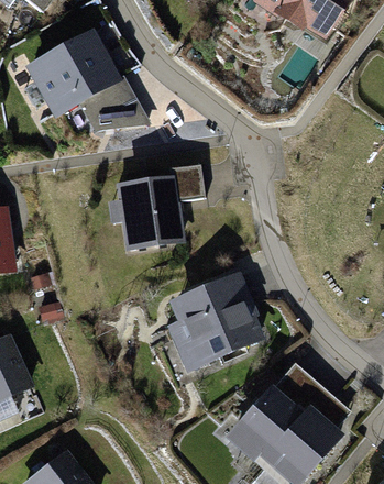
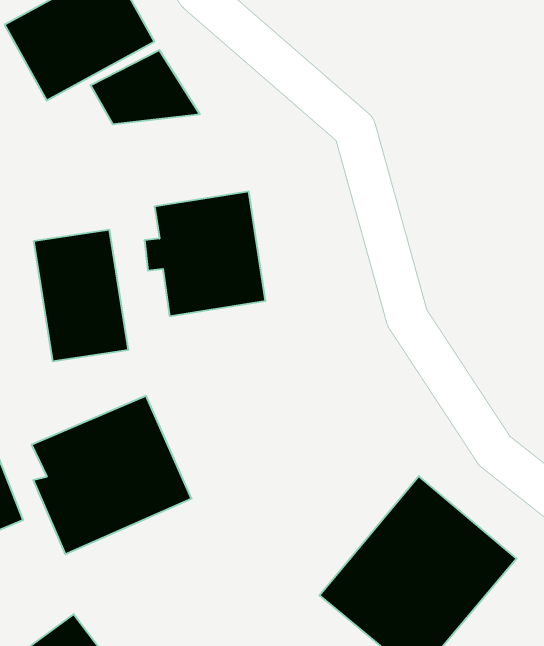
building: none -> [34,230,128,361]
building: [163,270,267,373] -> [32,396,192,554]

